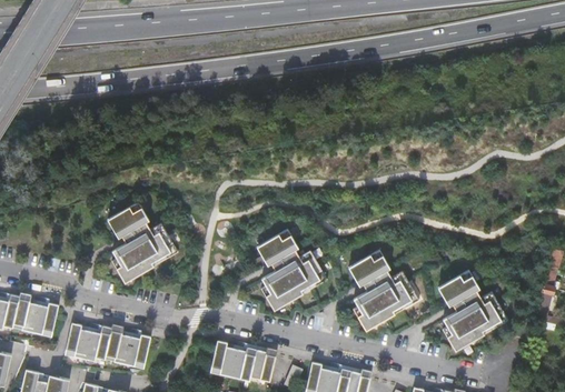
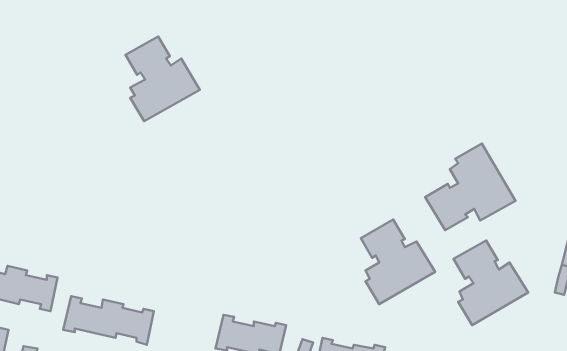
building: none -> [425,143,515,230]
building: [107,202,178,283] -> [126,36,200,121]
building: [256,229,327,311] -> none

